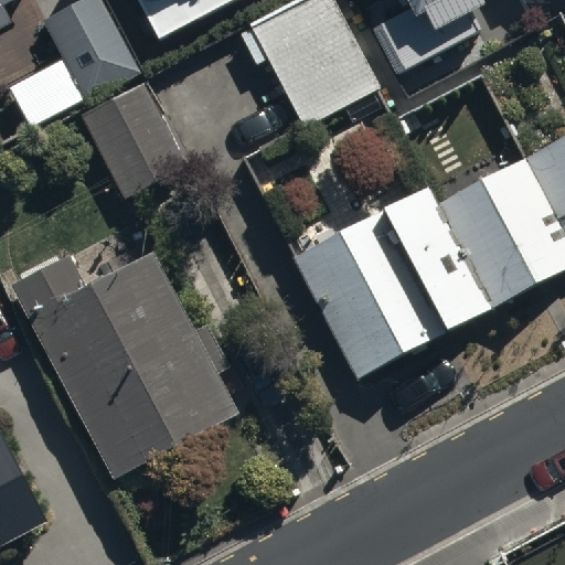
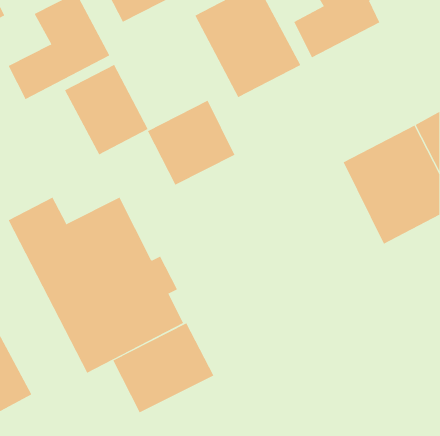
building: none -> [147,100,235,186]
building: [294,190,488,380] -> none
building: none -> [113,322,214,413]

